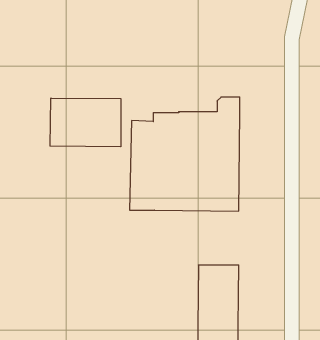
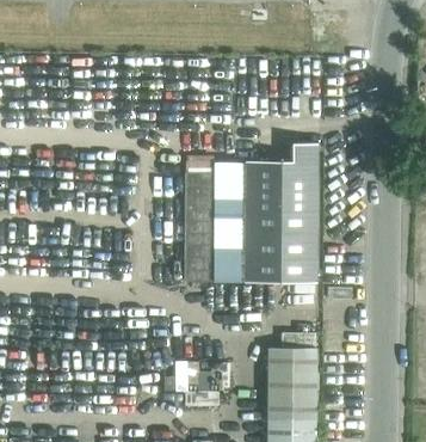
building: [50,98,121,147] -> none

